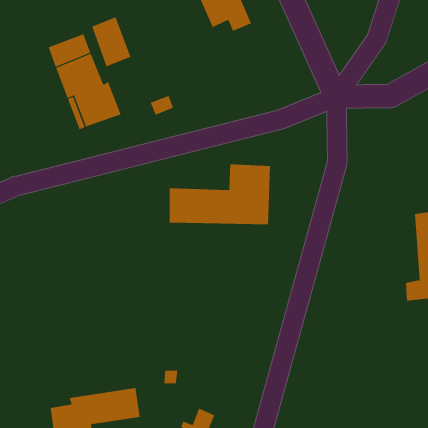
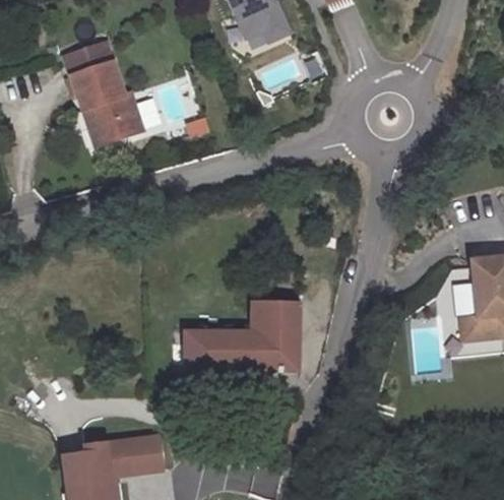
building: [92,17,131,67] -> none
building: [169,164,271,225] -> [188,303,301,370]

